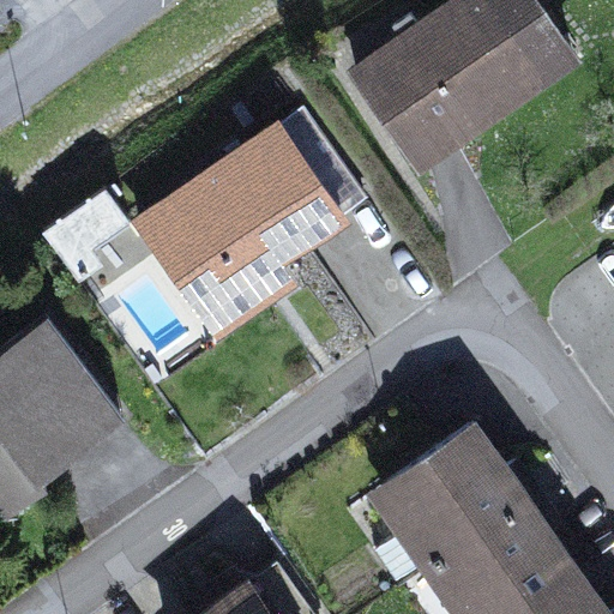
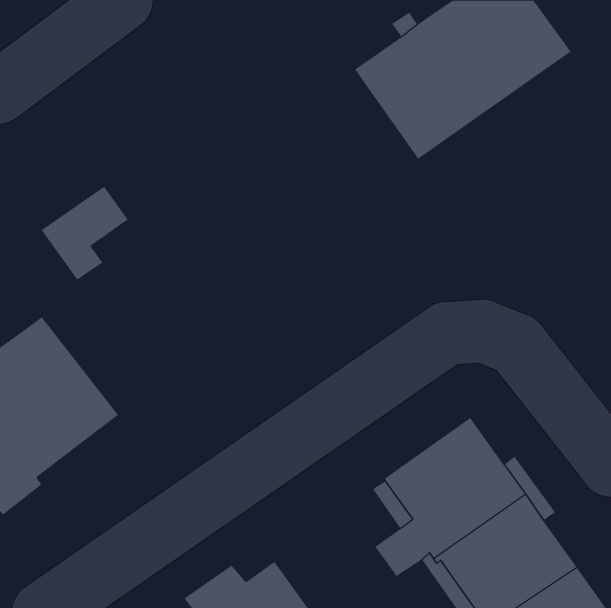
building: [139,112,365,335] -> none

